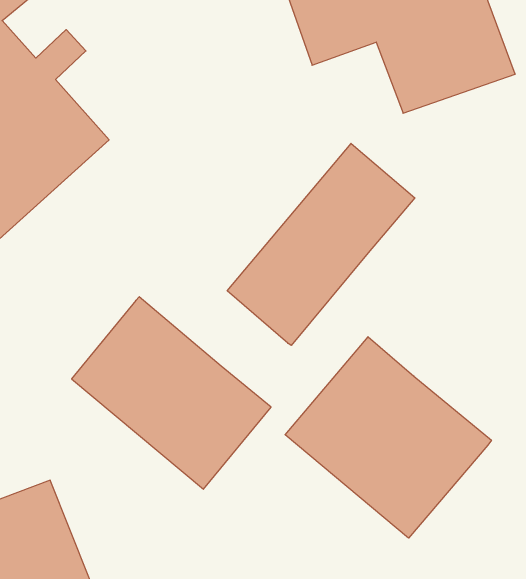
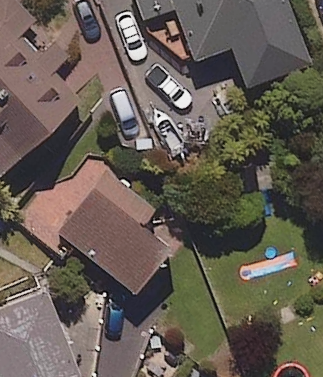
building: [227,143,415,345] -> none
building: [285,337,491,538] -> none

